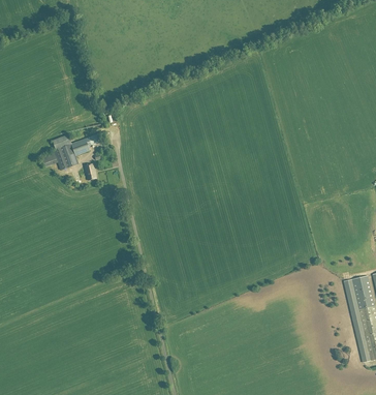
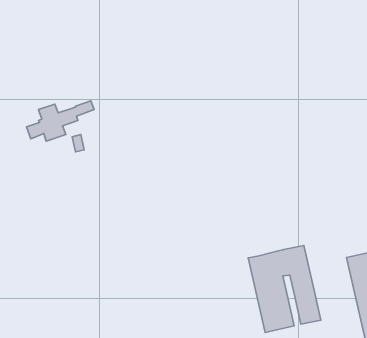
building: none -> [248,246,321,333]

